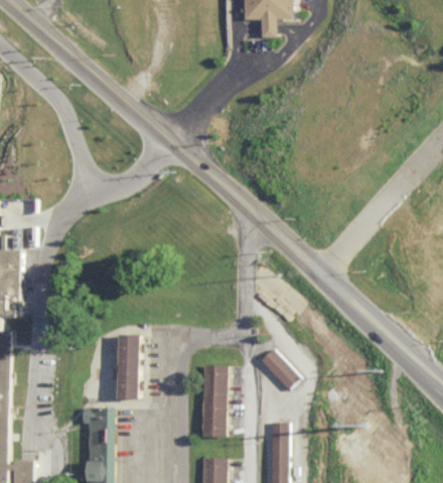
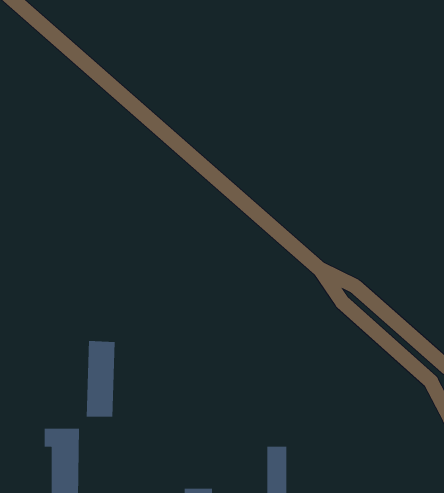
building: [258,349,298,390] -> none
building: [199,365,224,438] -> none

